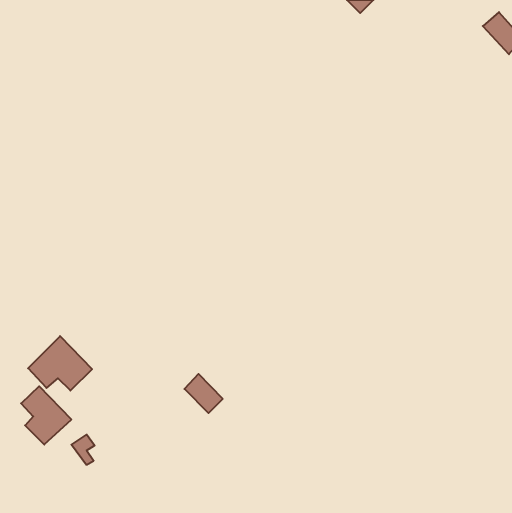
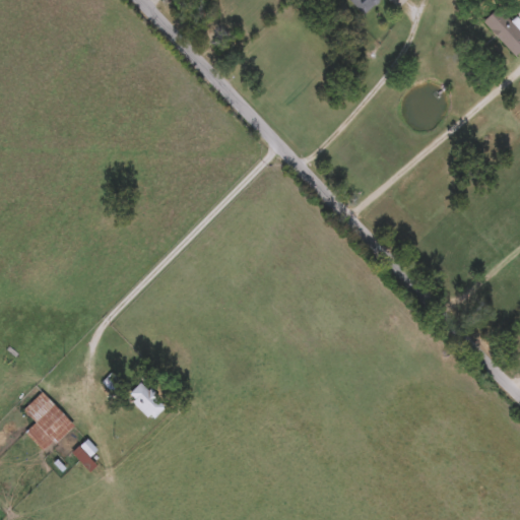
building: [28,336,92,391] -> none
building: [184,374,223,413] -> [128,380,167,419]

